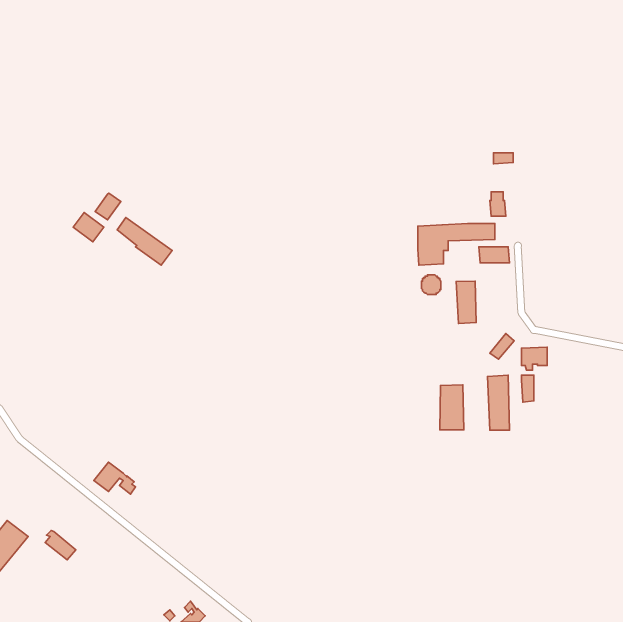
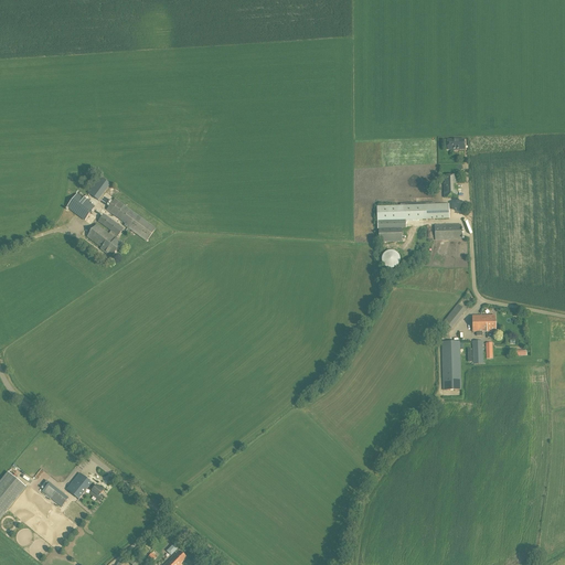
building: none -> [86,212,124,256]
building: [456,281,476,324] -> none
building: [440,385,464,430] -> none
building: [94,462,135,494] -> [65,471,103,500]

